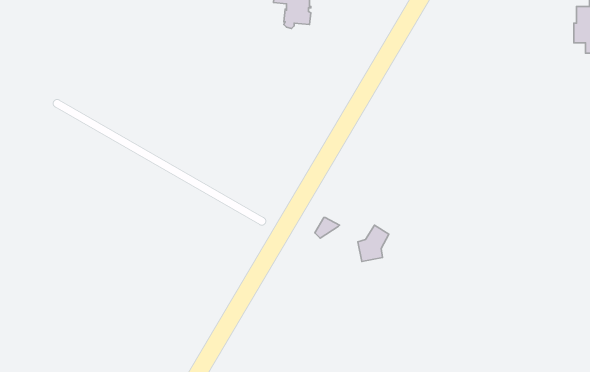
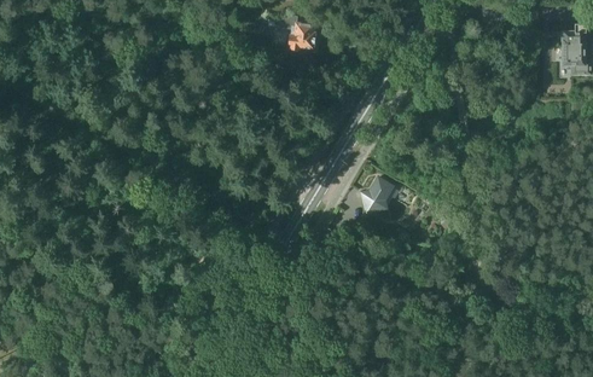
building: [358,225,389,261] -> [366,180,395,214]

